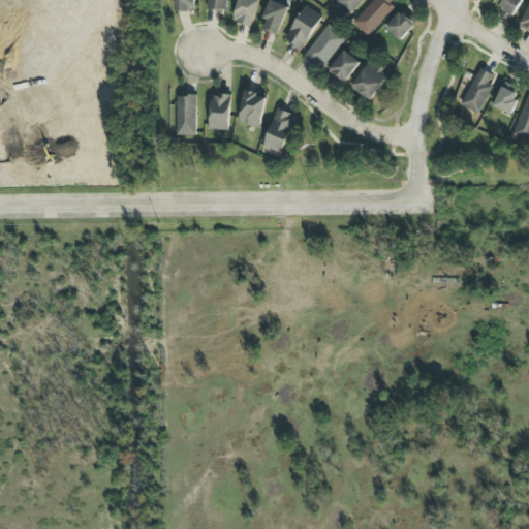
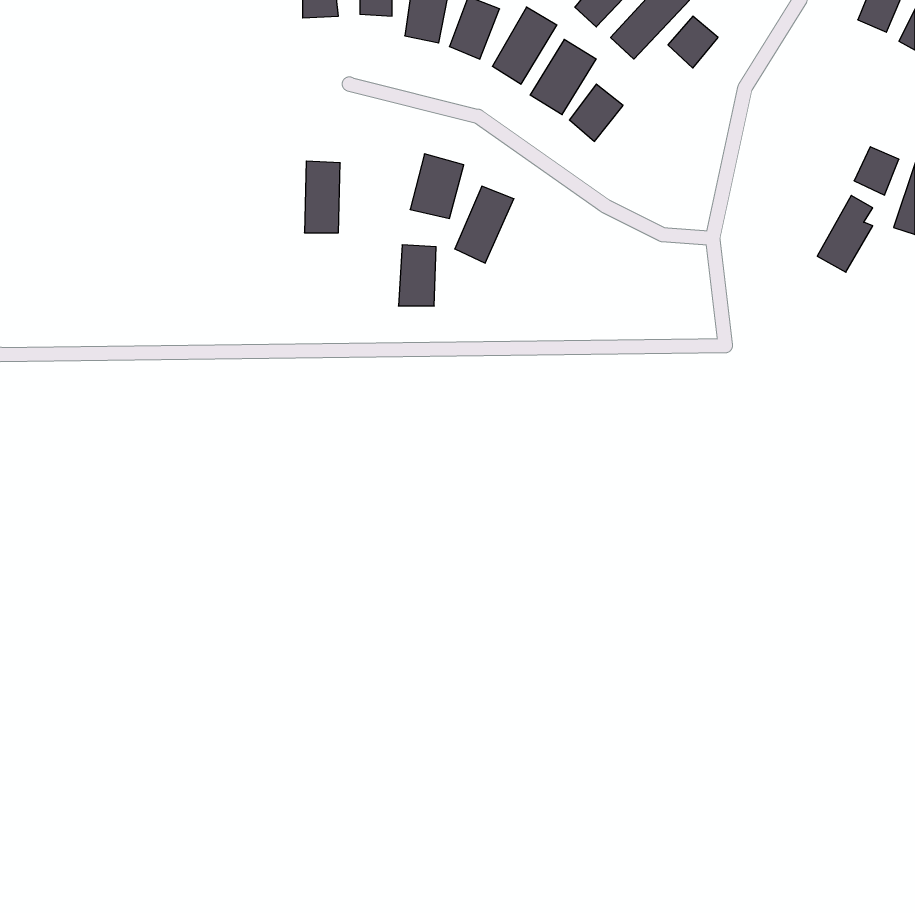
building: [351,58,388,99] -> none
building: [461,66,493,111] -> [817,195,873,272]
building: [209,93,230,128] -> [398,245,436,306]

